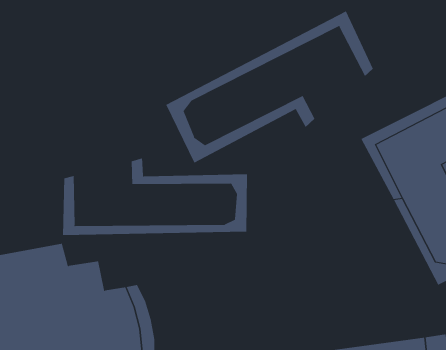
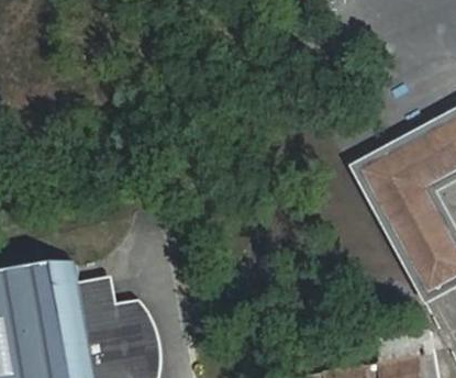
building: [166,10,373,163] -> none
building: [63,157,247,236] -> none

